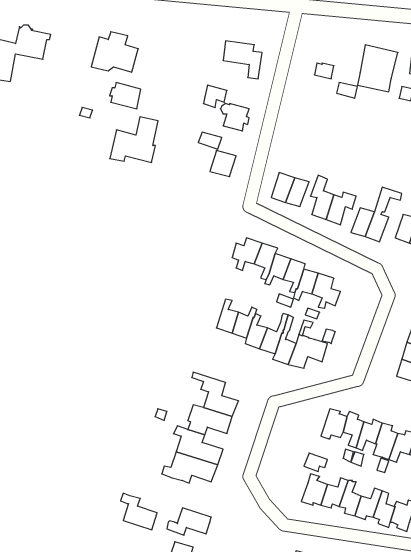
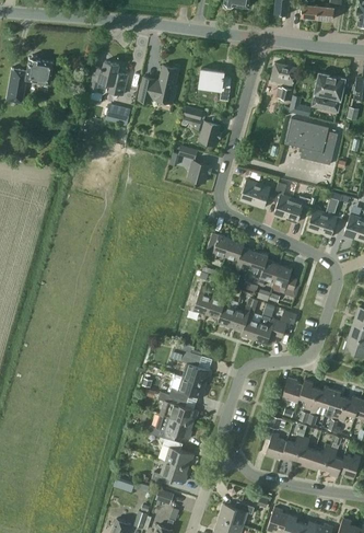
building: none -> [270,62,296,85]
building: none -> [285,117,338,164]
building: [110,117,158,162] -> [138,66,178,104]
building: [121,493,157,530] -> [163,438,193,468]

